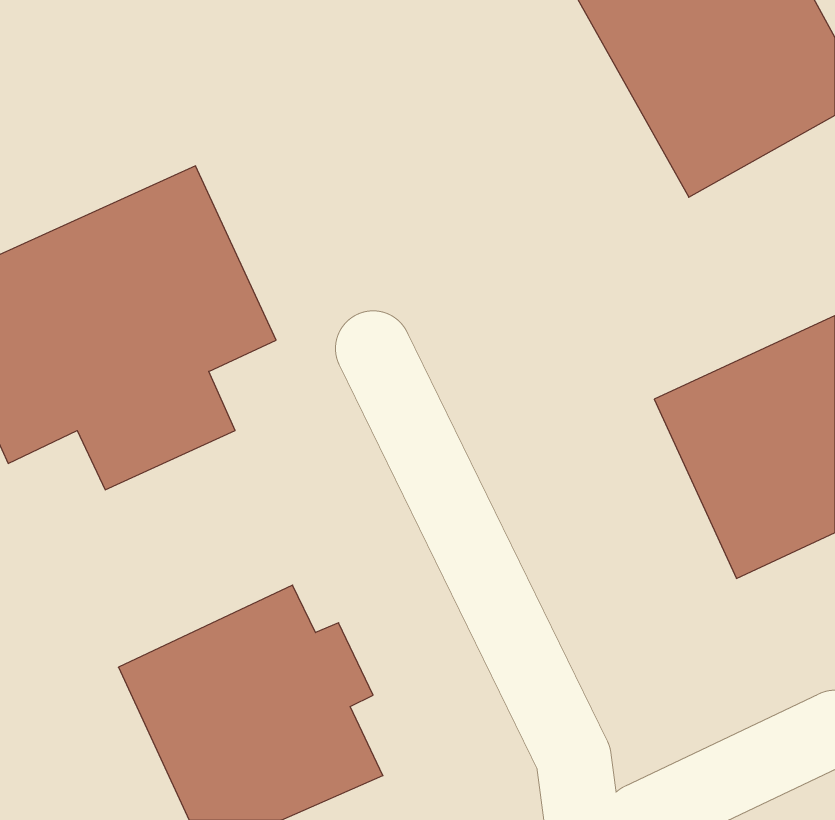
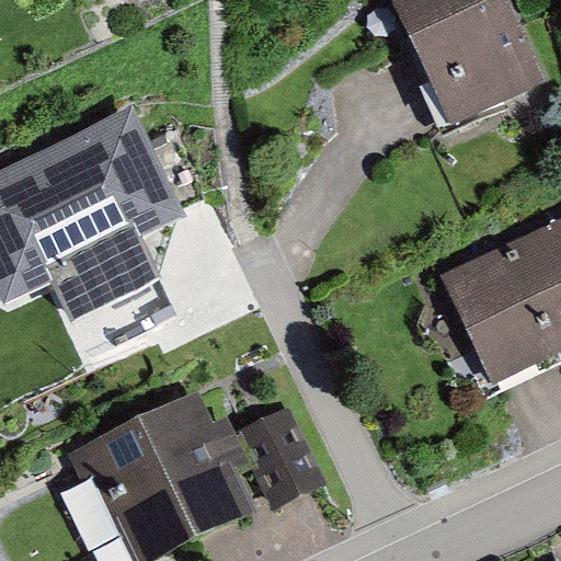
building: none -> [234,400,325,505]

